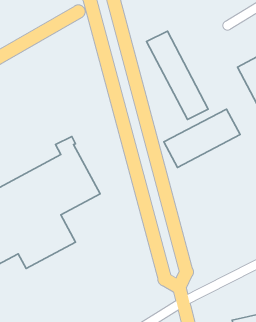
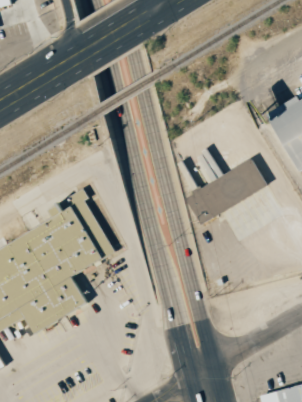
building: [147,31,208,120] -> none

